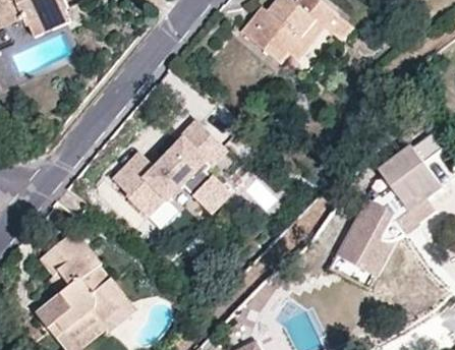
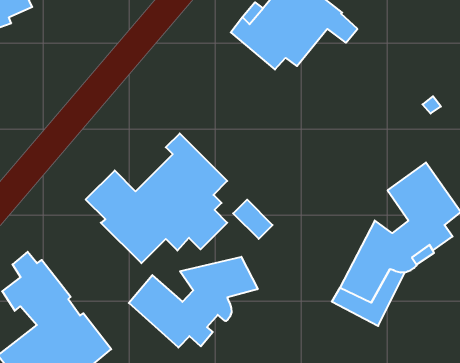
building: none -> [129,257,258,348]

